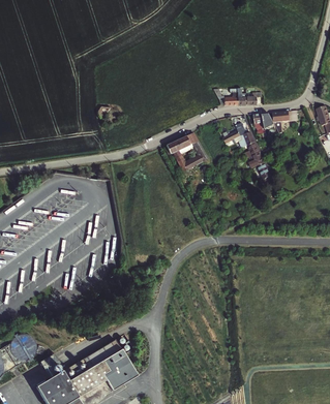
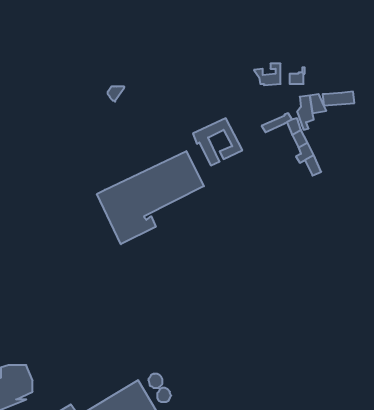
building: none -> [97,151,204,244]

